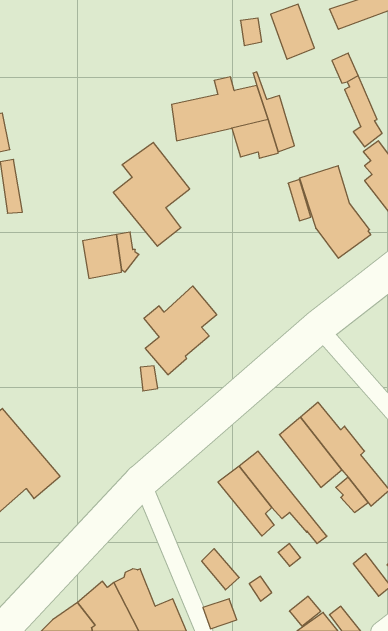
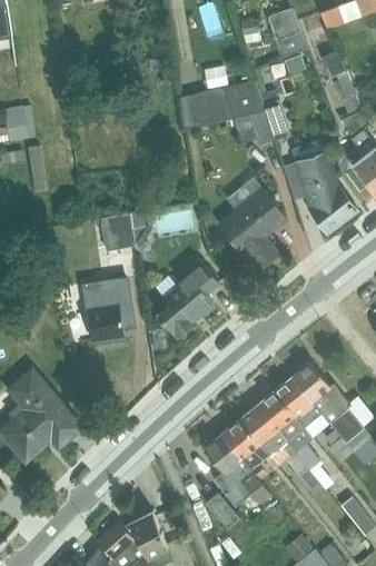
building: [113,142,190,246] -> [218,178,286,270]
building: none -> [83,276,137,341]
building: none -> [257,390,334,489]
building: none -> [204,433,271,506]

